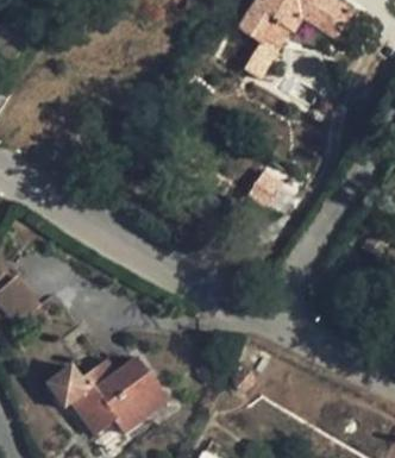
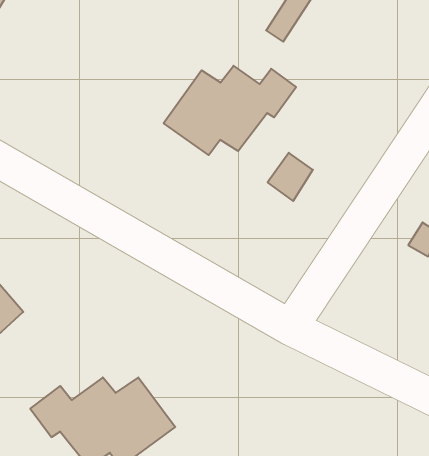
building: none -> [164,66,296,155]

